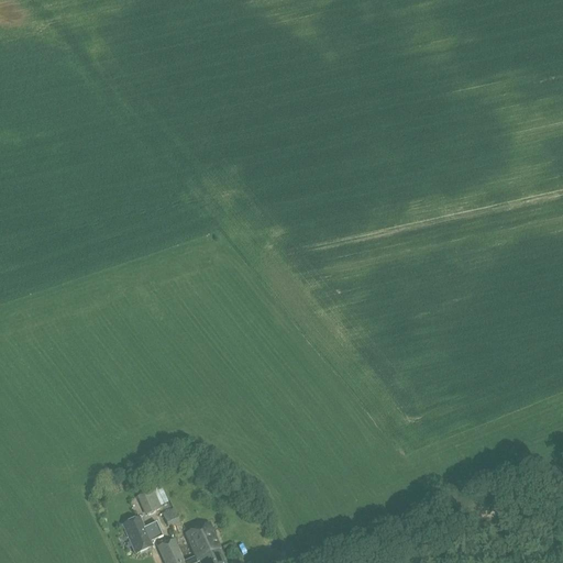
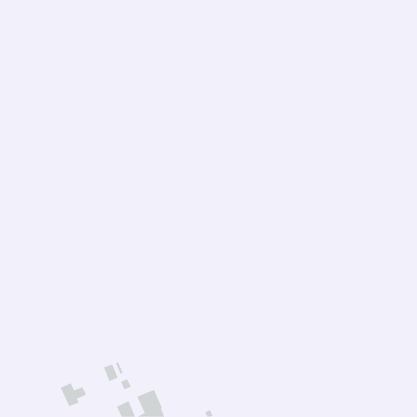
building: [123,519,159,552] -> [60,382,87,407]

